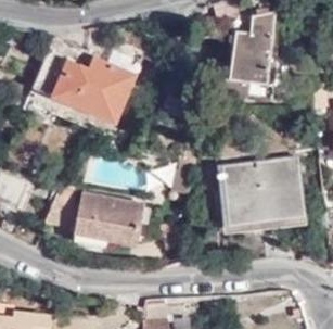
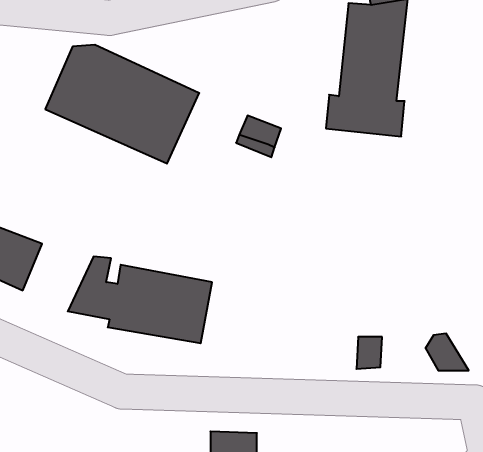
building: [217,161,298,231] -> none

